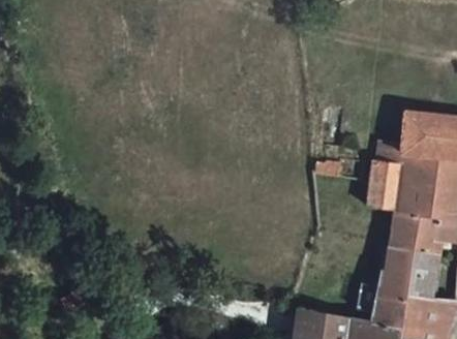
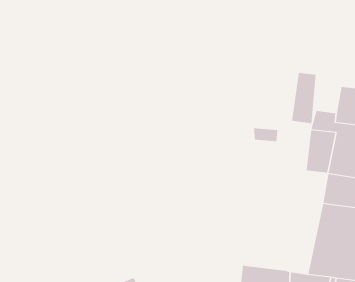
building: none -> [292,72,316,124]

